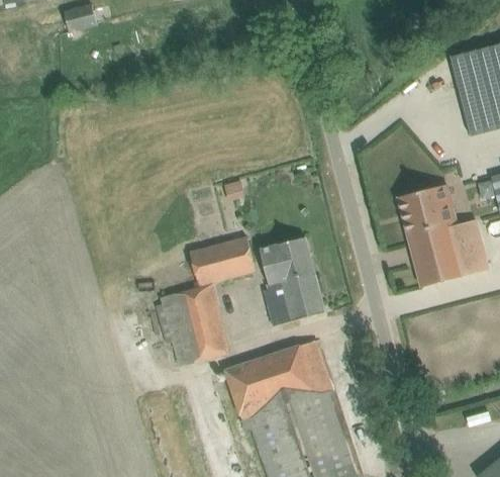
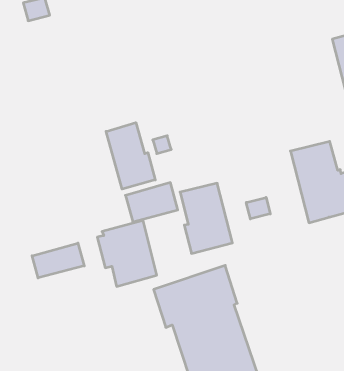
building: none -> [106,123,155,189]
building: none -> [246,197,270,219]
building: none -> [32,243,84,278]

